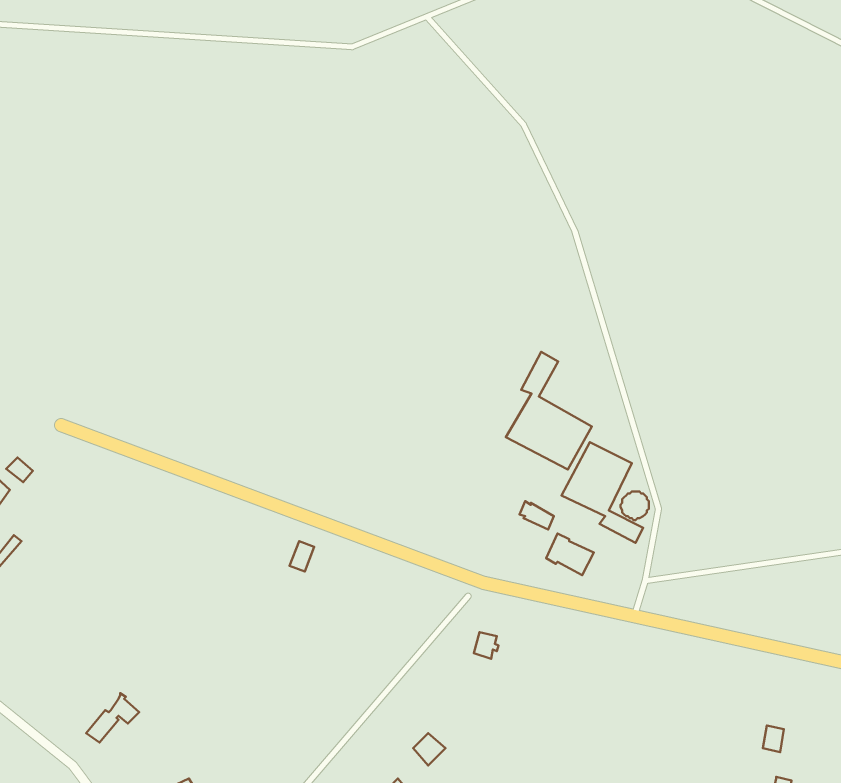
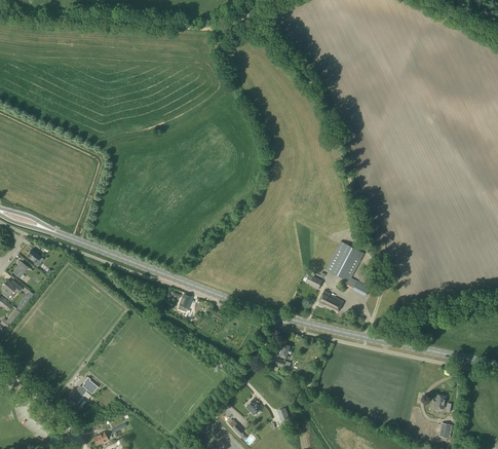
building: [506,352,592,469] -> none

